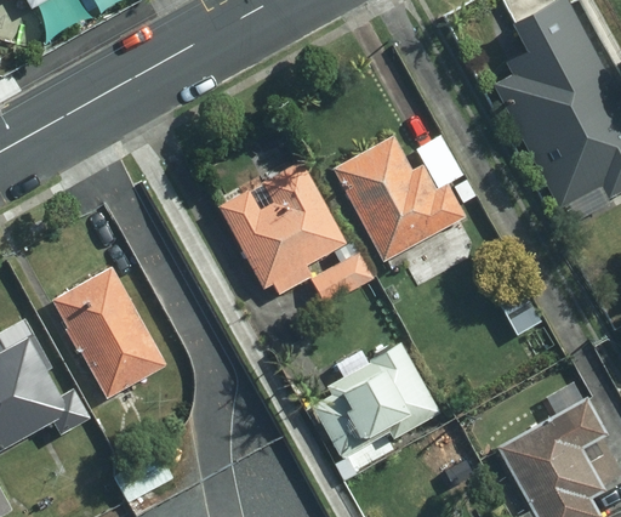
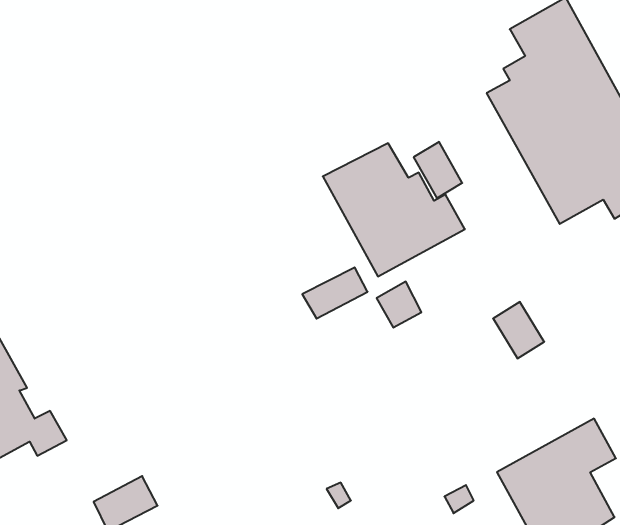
building: [217,161,347,296] -> none
building: [51,267,167,399] -> none
building: [314,341,443,458] -> none

